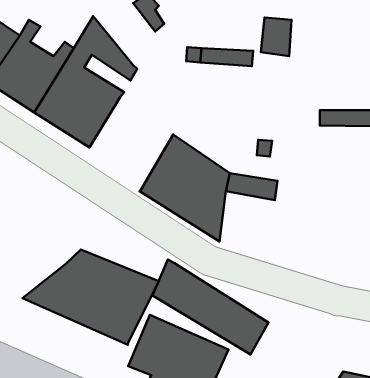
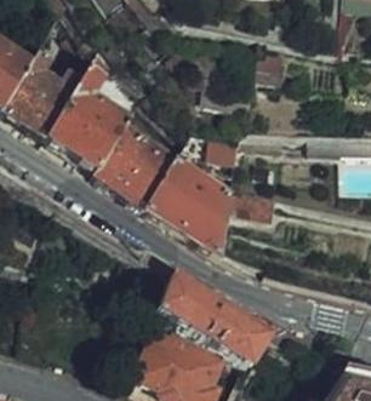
building: none -> [95,121,176,208]
building: [22,250,159,345] -> none

